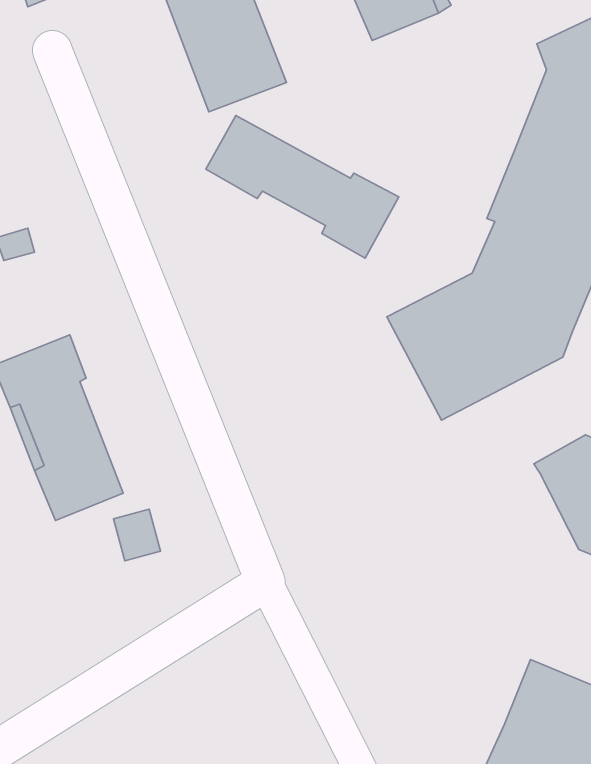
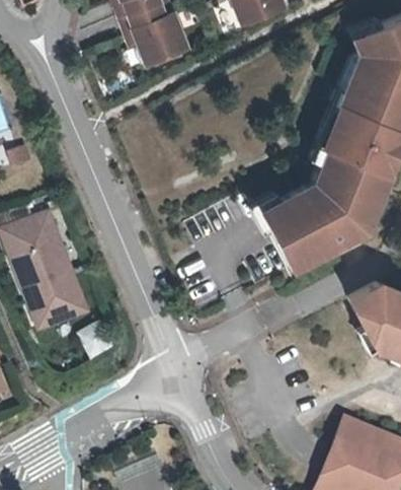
building: [206,116,399,258] -> none

